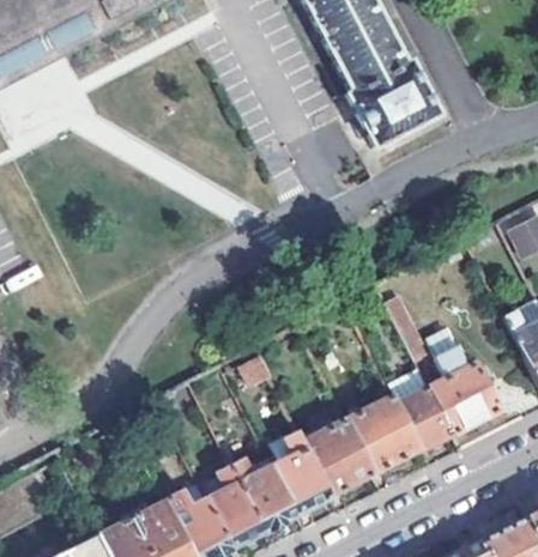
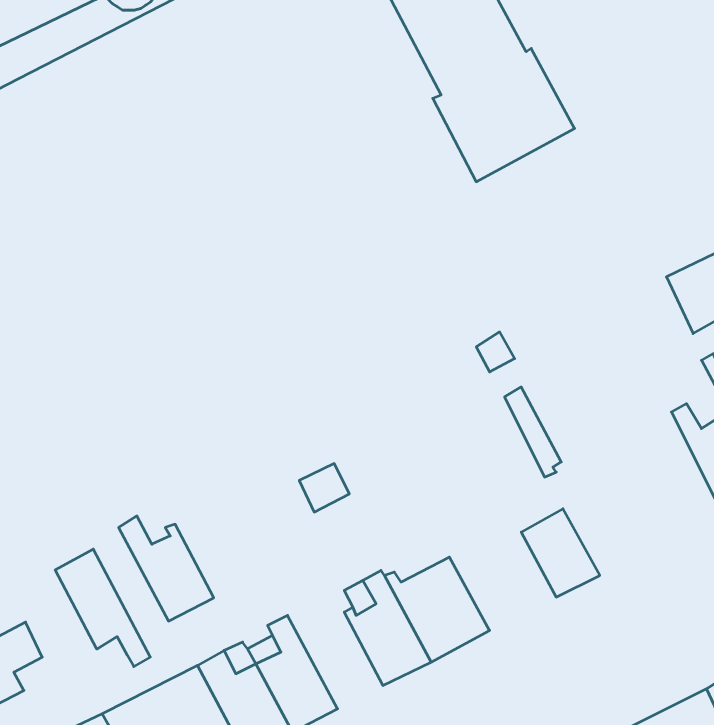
building: [428,345,501,430] -> none
building: [346,392,423,470] -> none
building: none -> [55,549,150,667]
building: [230,450,298,526] -> [119,516,214,621]

